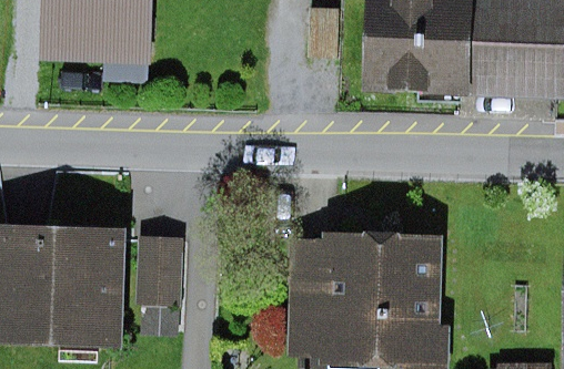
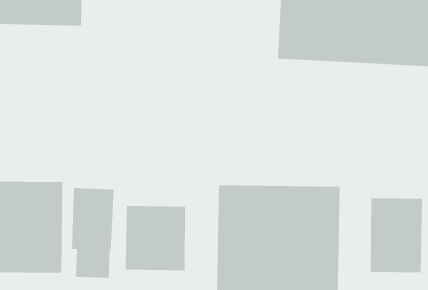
building: none -> [370,197,423,273]
building: none -> [125,205,186,271]

